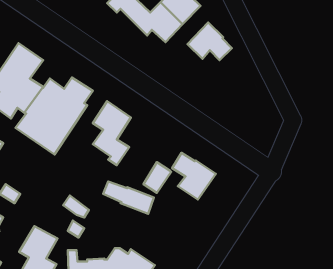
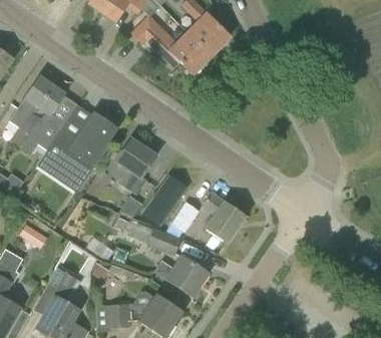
building: [188,22,232,60] -> none
building: none -> [140,175,187,228]
building: none -> [153,255,209,295]

